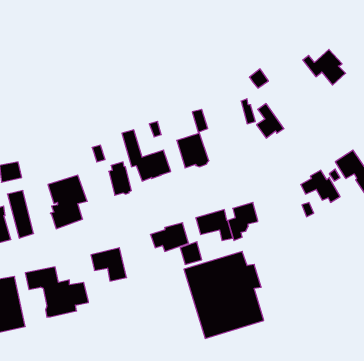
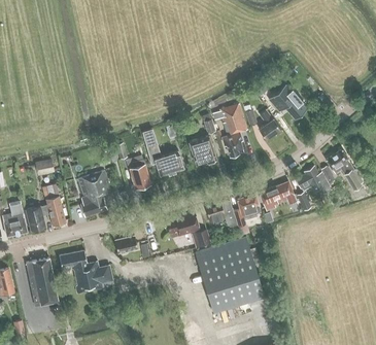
building: [303,49,346,85] -> [269,89,306,119]
building: none -> [218,104,247,157]
building: none -> [259,181,296,211]

